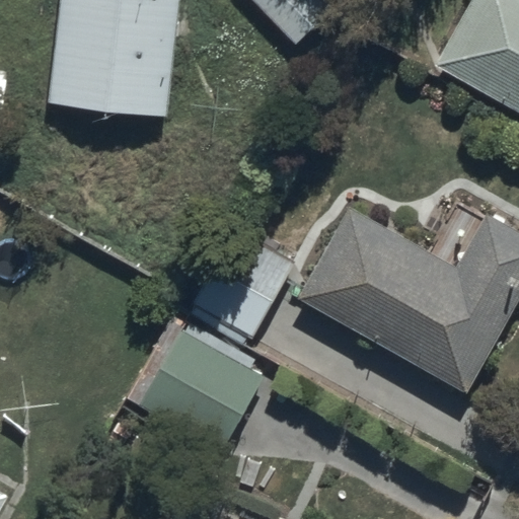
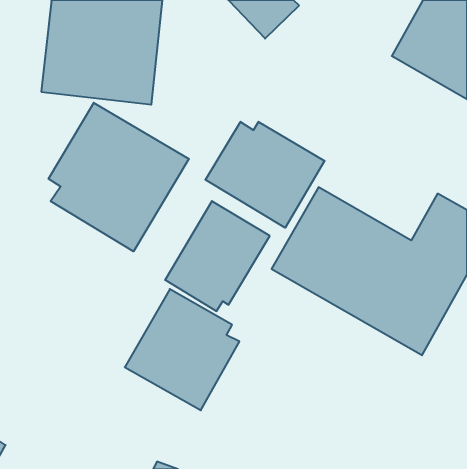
building: none -> [49,103,189,251]
building: none -> [205,122,325,228]

